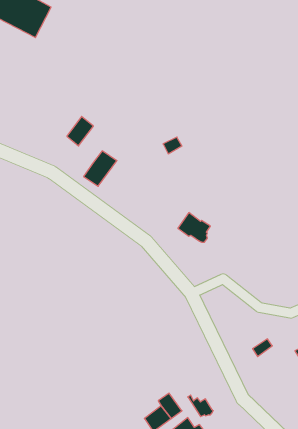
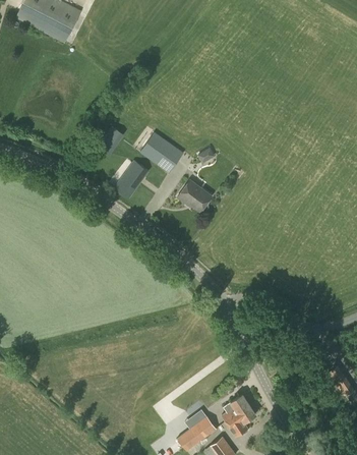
building: none -> [139,130,183,173]
building: [178,213,210,242] -> [178,180,212,211]
building: none -> [223,394,255,421]

